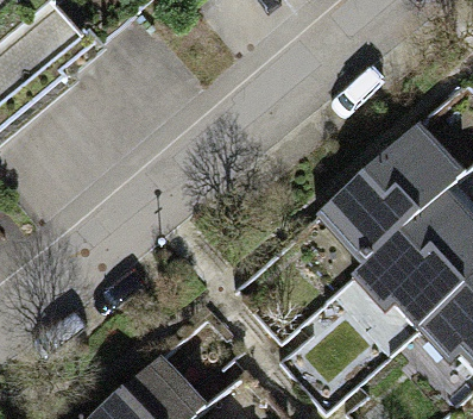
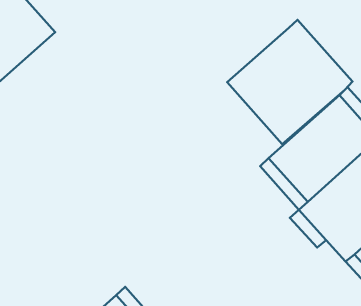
building: none -> [227,20,353,144]

